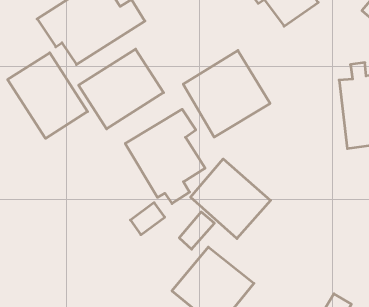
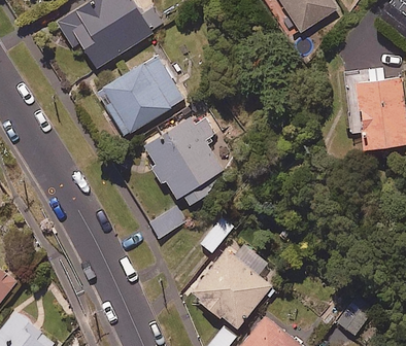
building: [183,50,270,137] -> none
building: [8,53,88,138] -> none
building: [191,159,271,239] -> none

